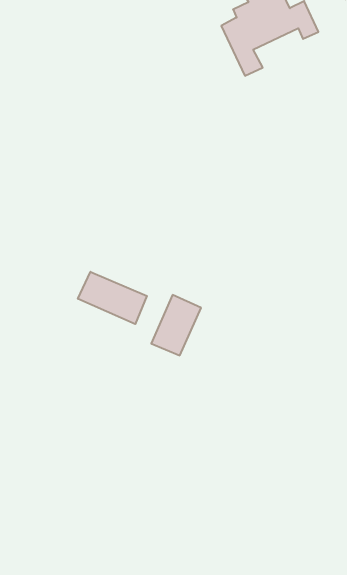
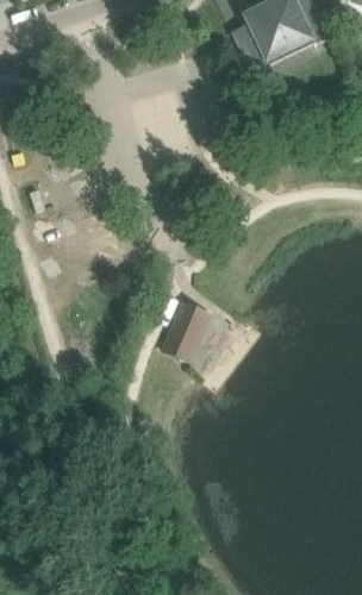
building: [78,272,147,324] -> none

